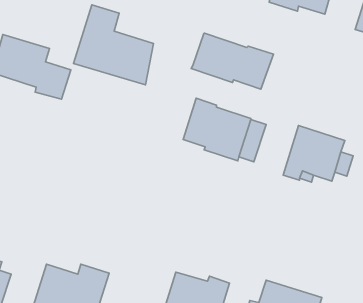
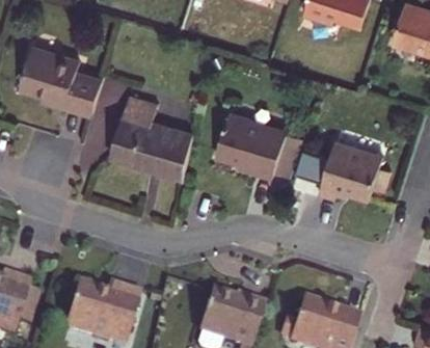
building: [74,5,154,85] -> [111,95,193,177]
building: [191,33,273,89] -> none

